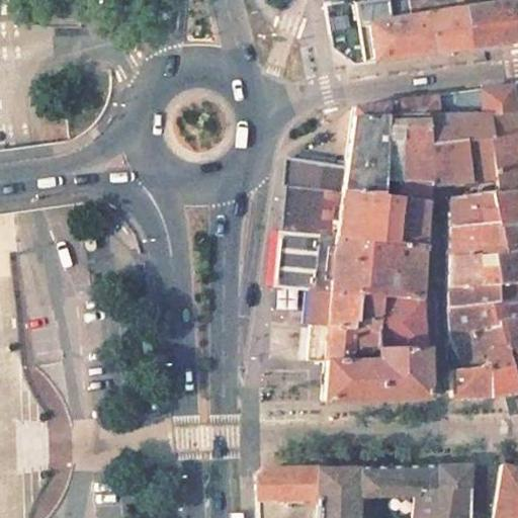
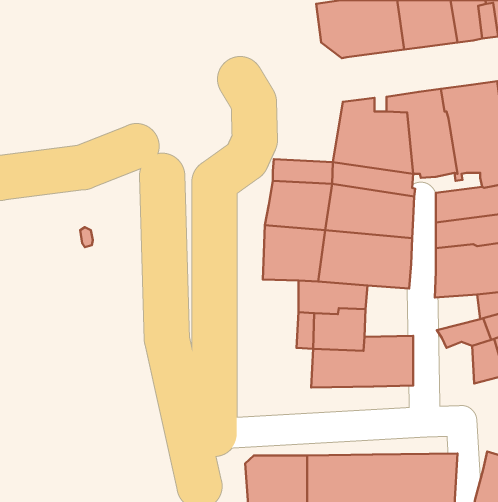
building: [380,295,430,348] -> none
building: [452,305,499,341] -> none
building: [454,353,493,398] -> none

